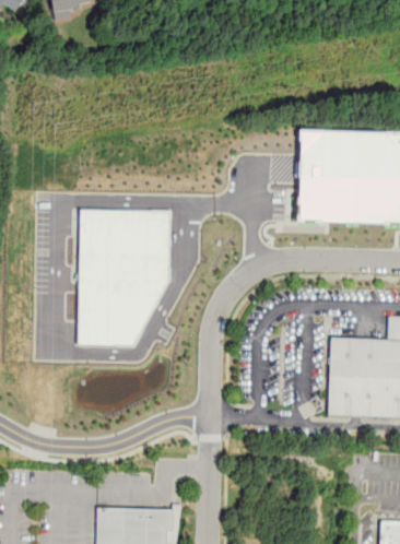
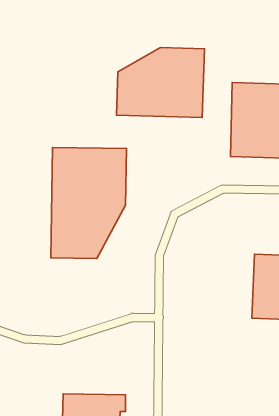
building: none -> [117,47,205,118]

